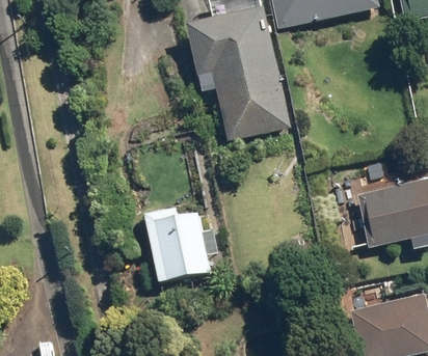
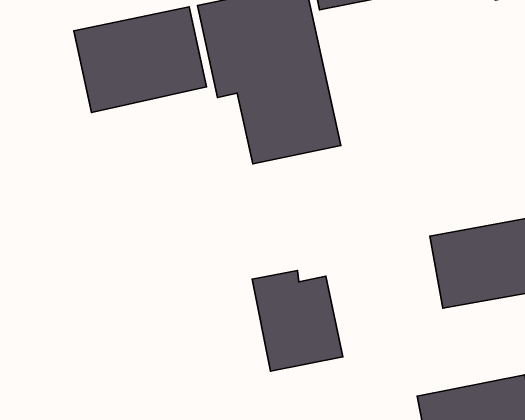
building: none -> [74,7,206,112]
building: [143,208,210,281] -> [252,271,343,371]

